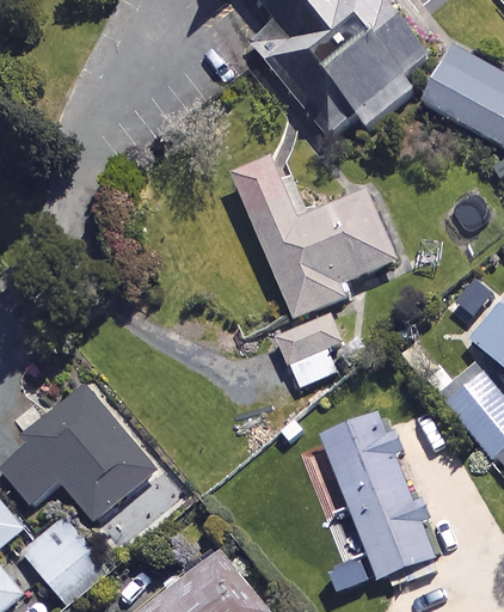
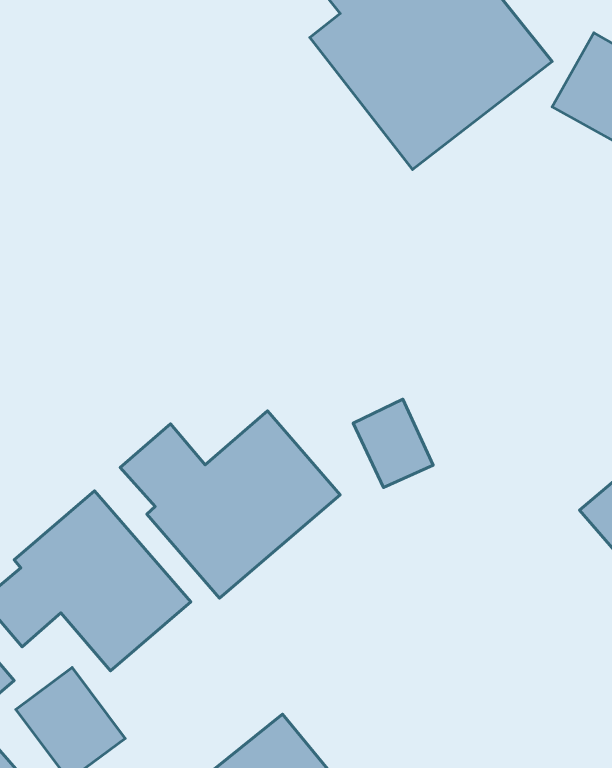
building: [234,158,397,318] -> none
building: none -> [120,411,340,598]
building: [322,416,434,577] -> none

